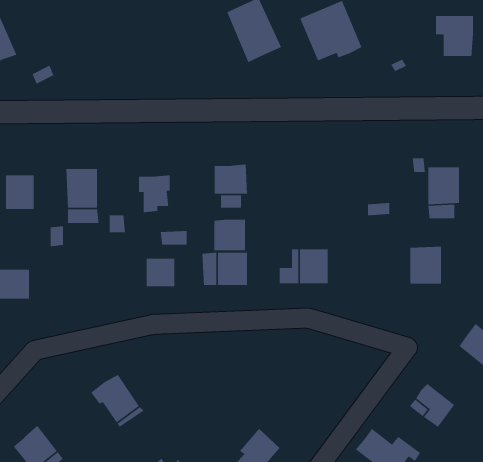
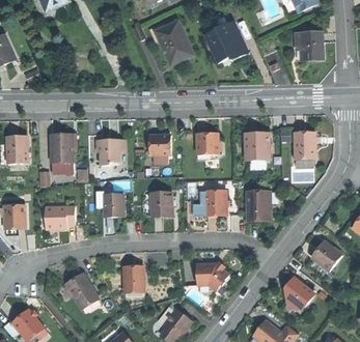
building: none -> [243,131,266,155]
building: [213,219,246,251] -> [195,131,217,152]
building: [410,246,442,284] -> [245,192,267,218]
building: none -> [45,203,75,227]
building: none -> [195,260,227,289]
building: none -> [124,265,145,291]

